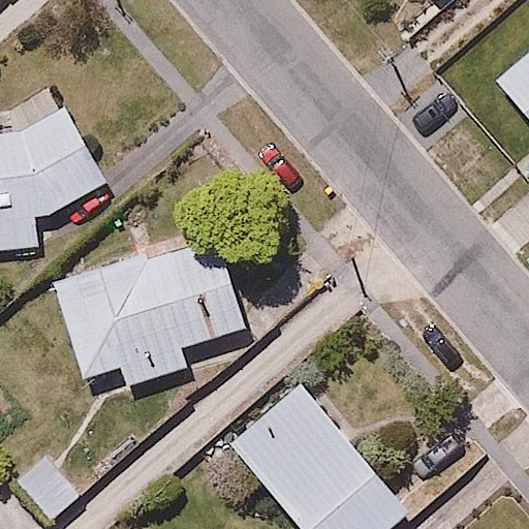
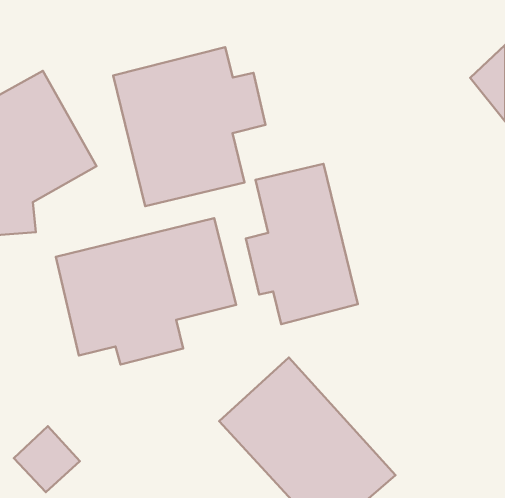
building: none -> [113,47,266,206]
building: none -> [246,164,358,324]

